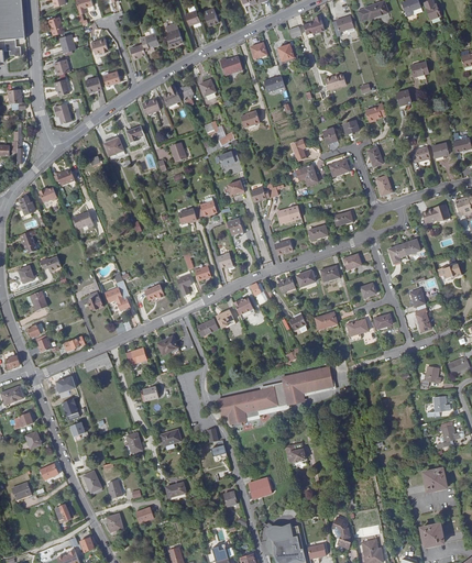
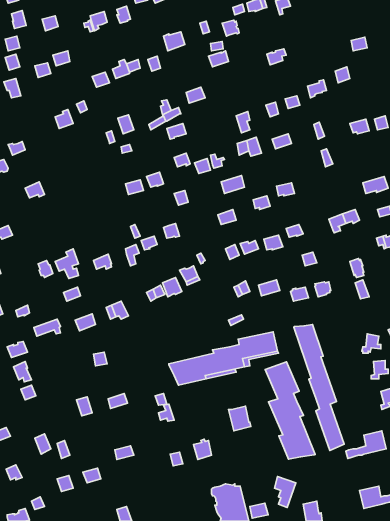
building: none -> [294,325,344,451]
building: none -> [265,362,315,459]

